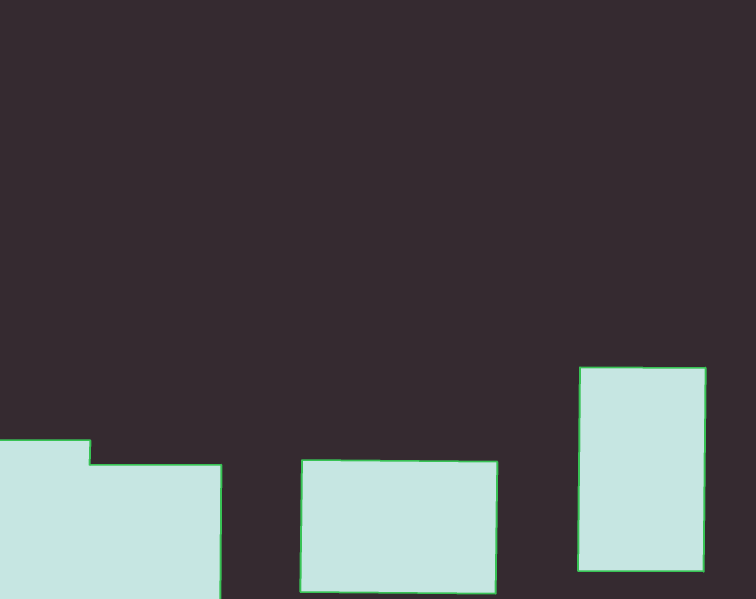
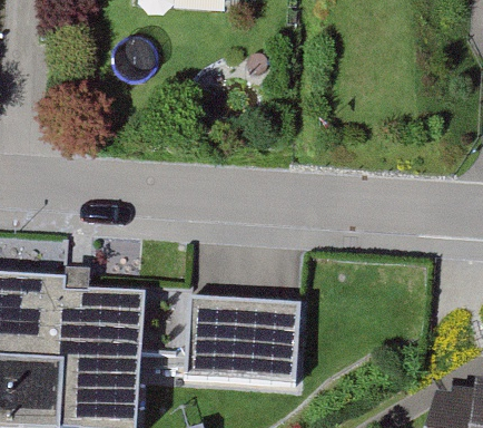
building: [578,367,705,572] -> none

